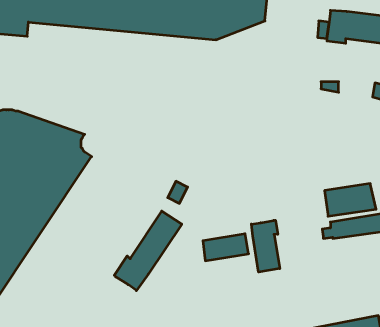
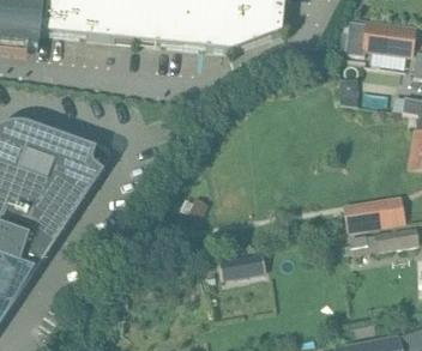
building: [114,211,182,291] -> none
building: [251,220,280,272] -> none

